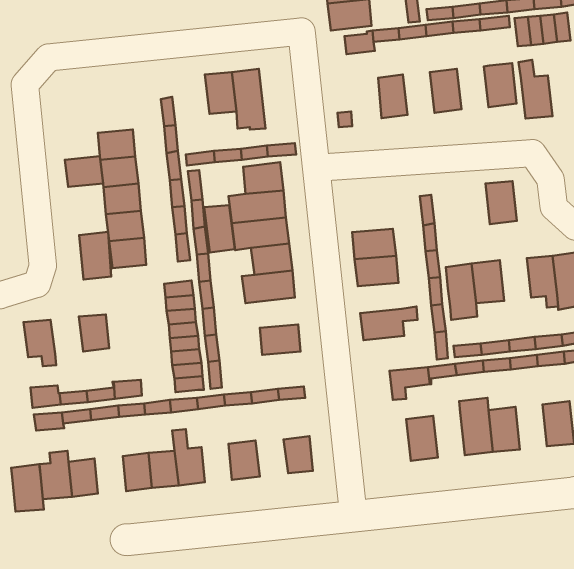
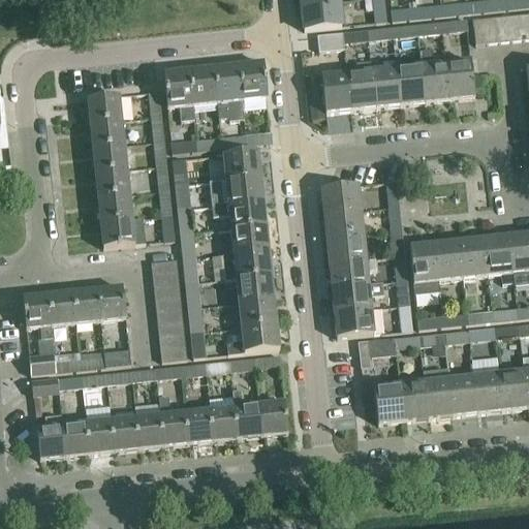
building: [519,60,552,118] -> [418,46,449,100]
building: none -> [239,60,269,110]
building: none -> [371,66,400,105]
building: none -> [164,68,194,120]
building: none -> [322,71,351,112]
building: [65,156,103,187] -> [88,94,123,122]
building: [485,181,517,224] -> [460,237,489,276]
building: none -> [321,183,362,213]
building: [204,205,235,252] -> none
building: [79,232,111,279] -> none
building: none -> [330,257,380,287]
building: none -> [237,273,275,301]
building: none -> [98,285,126,319]
building: none -> [48,290,77,324]
building: none -> [335,308,375,337]
building: none -> [226,322,280,353]
building: none -> [473,361,503,412]
building: none -> [399,378,428,419]
building: none -> [235,388,266,437]
building: none -> [186,407,214,442]
building: [11,464,44,512] -> [87,409,117,453]

